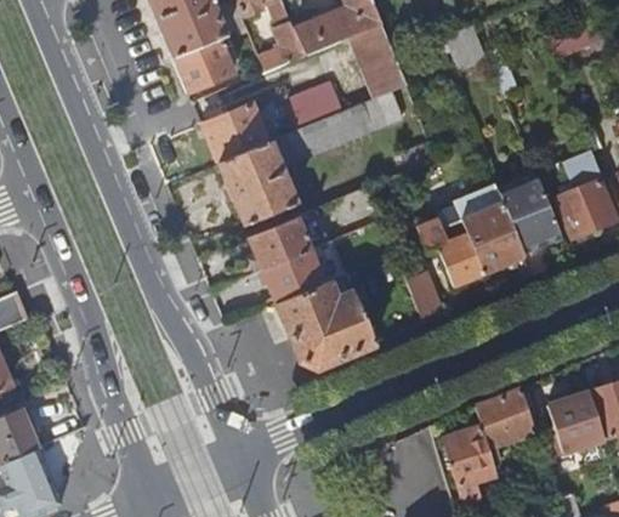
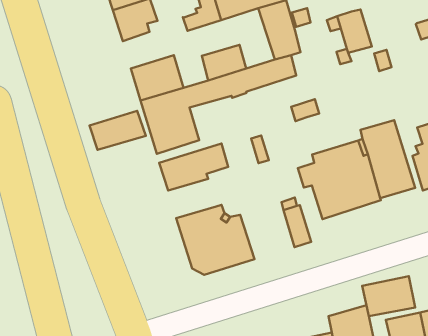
building: none -> [90,111,146,150]
building: [263,252,324,305] -> none
building: none -> [362,276,415,316]

